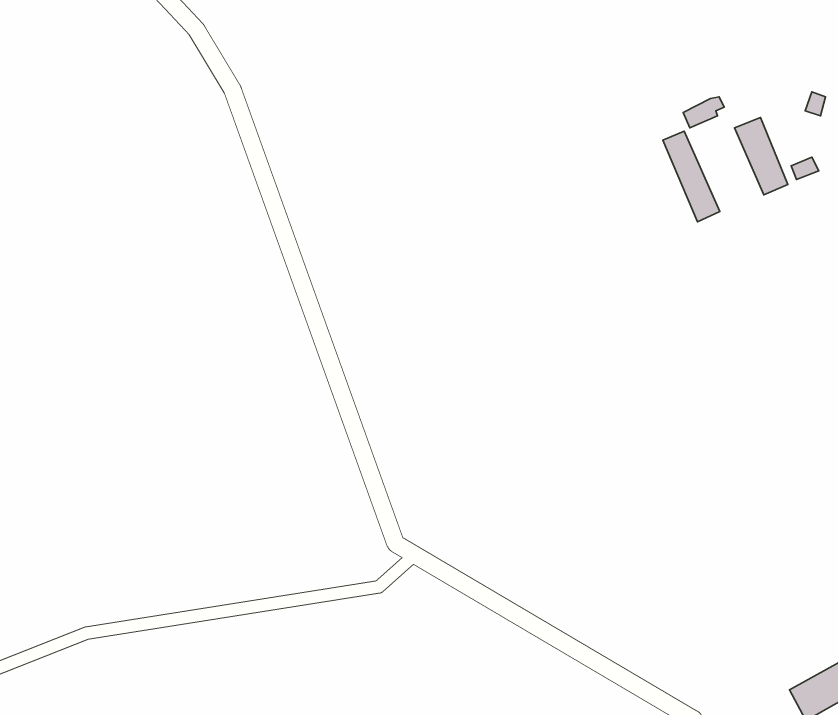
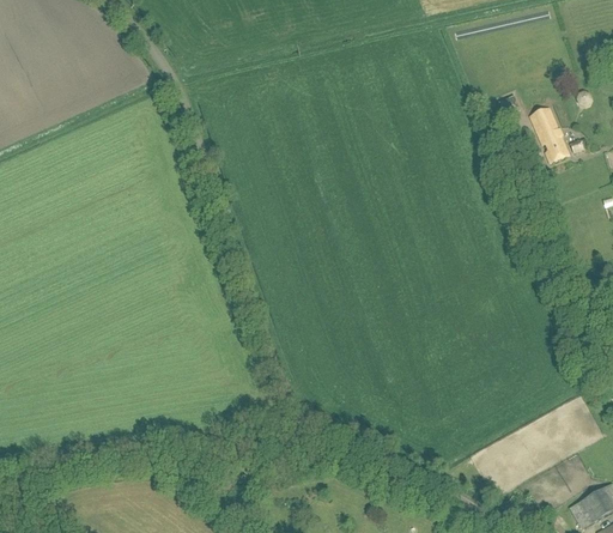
building: [663,131,720,222] -> none

